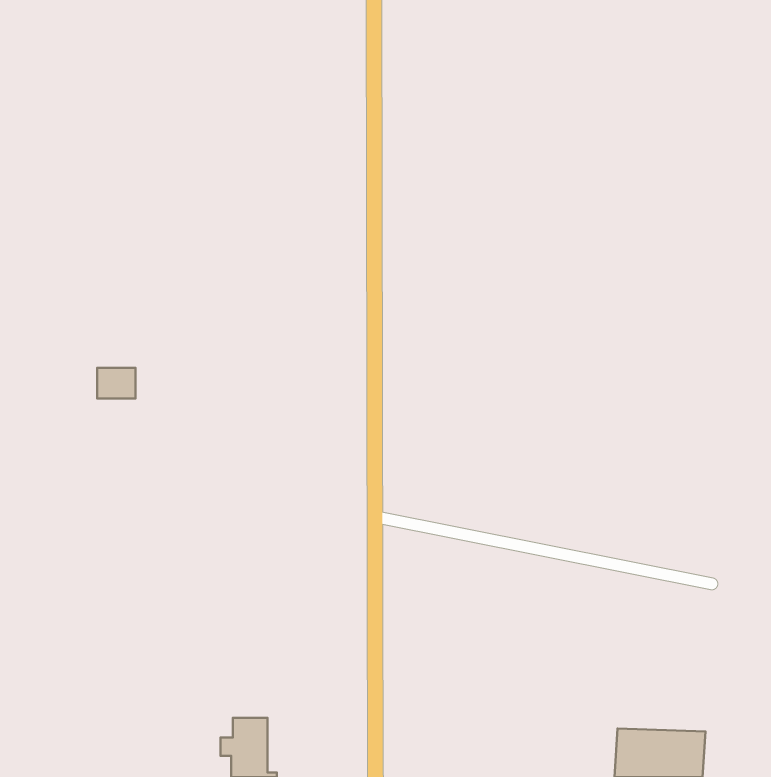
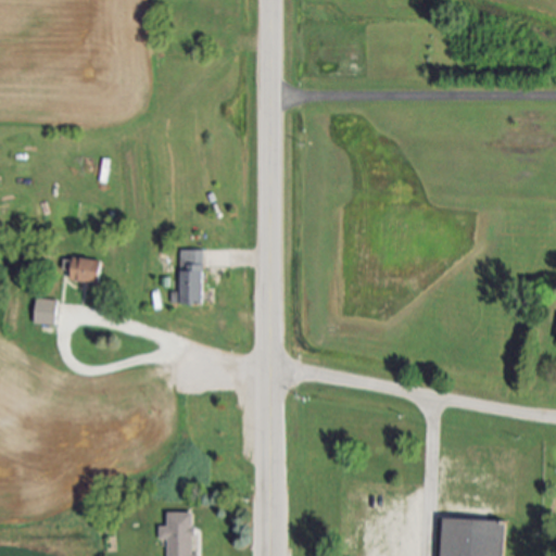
building: none -> [176,251,202,304]
building: none -> [31,298,58,327]

